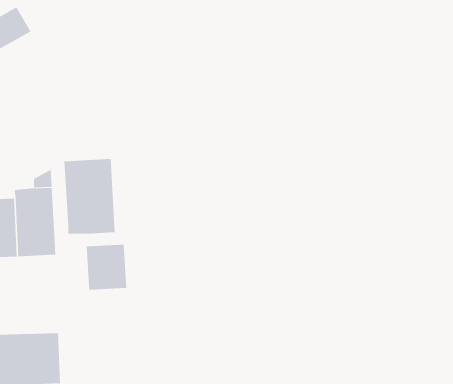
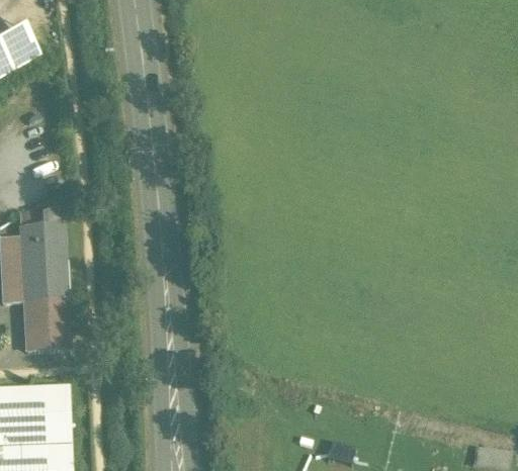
building: [64,158,115,234] -> none
building: [86,244,127,290] -> [23,299,69,350]

